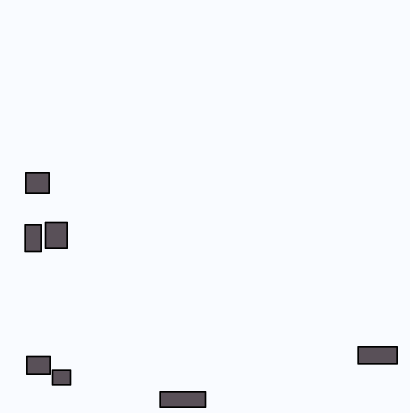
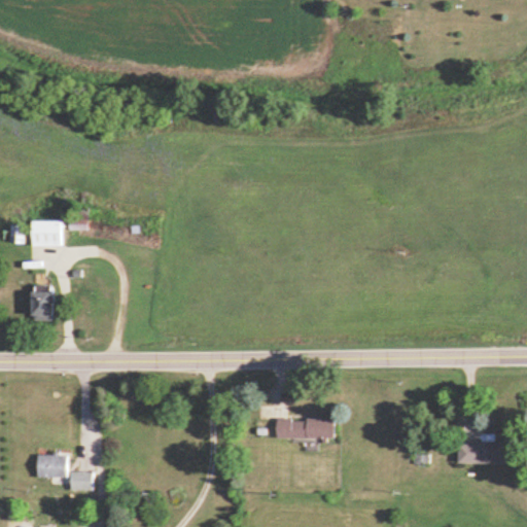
building: [45,223,67,248] -> none
building: [160,392,205,407] -> [274,418,331,437]

